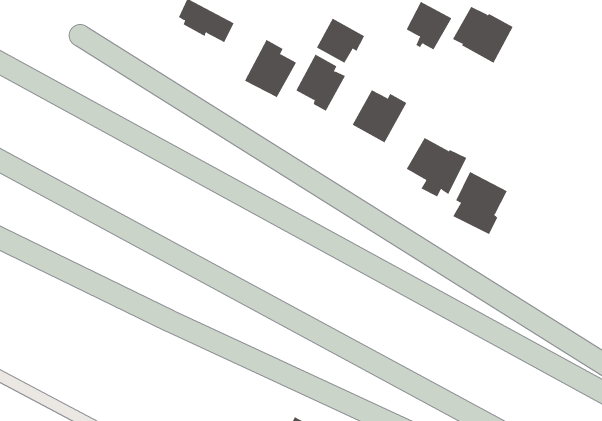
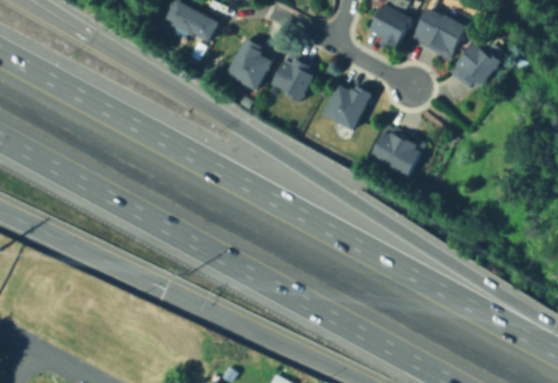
building: [316,18,365,64] -> none
building: none -> [450,39,501,87]
building: [452,171,507,235] -> none

